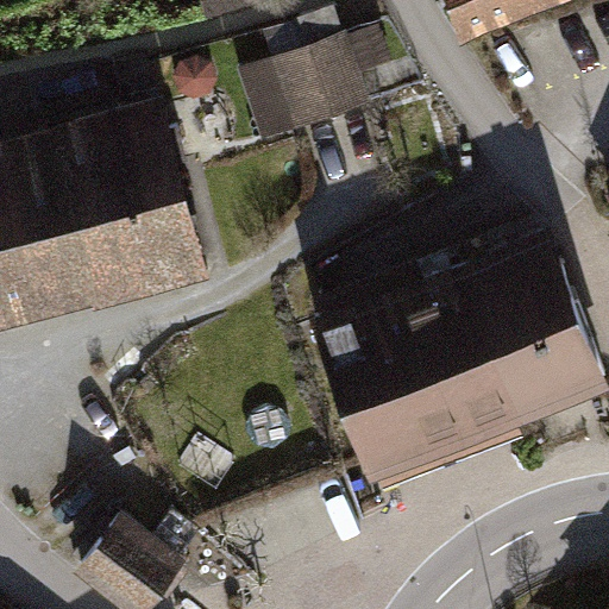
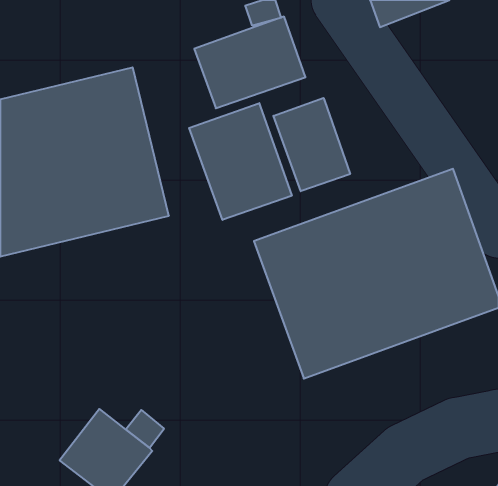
building: none -> [273,98,350,191]
building: none -> [189,103,292,220]

